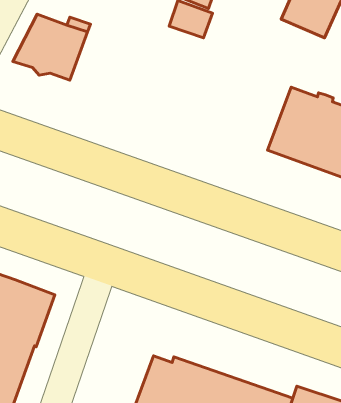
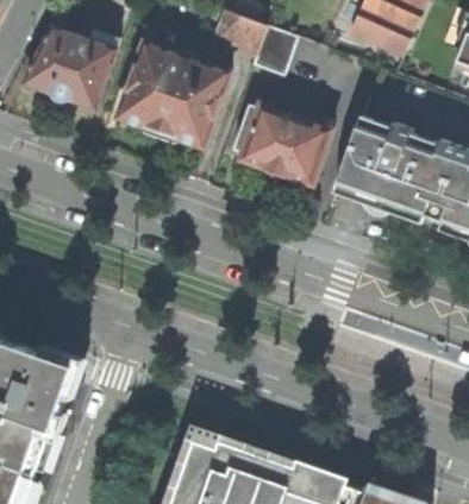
building: none -> [251,25,296,75]
building: none -> [118,40,230,145]
building: none -> [232,102,331,183]

